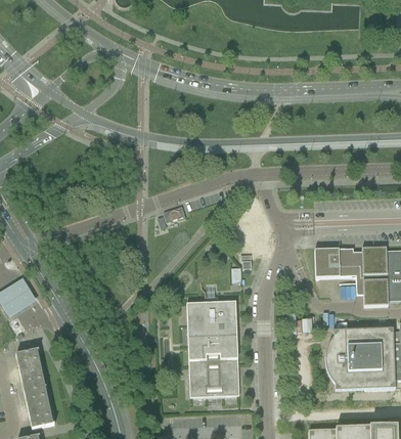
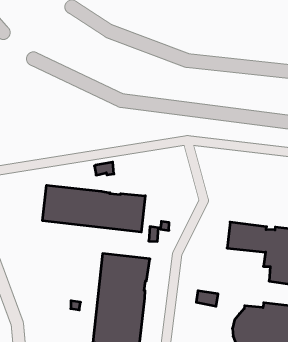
building: none -> [43,185,145,232]

